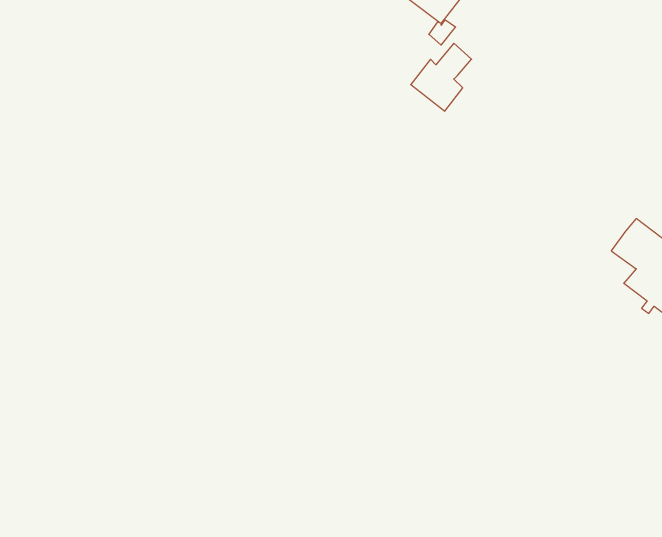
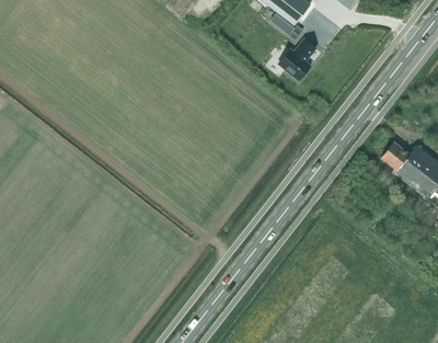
building: none -> [381,141,415,184]

